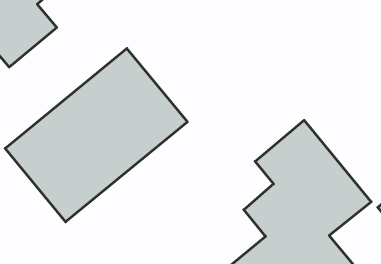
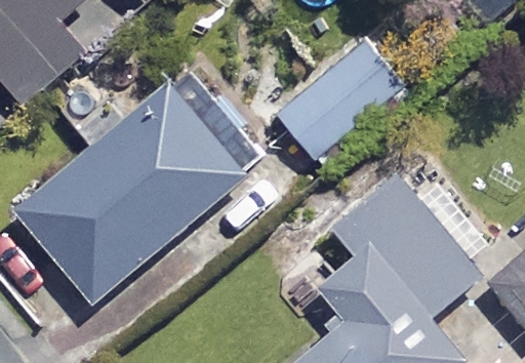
building: none -> [274,38,405,155]

